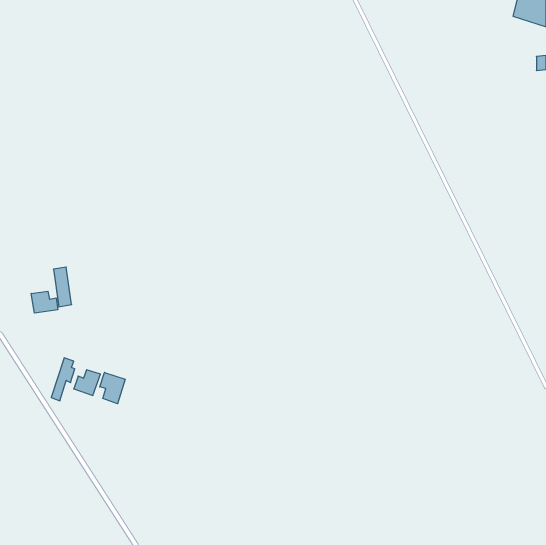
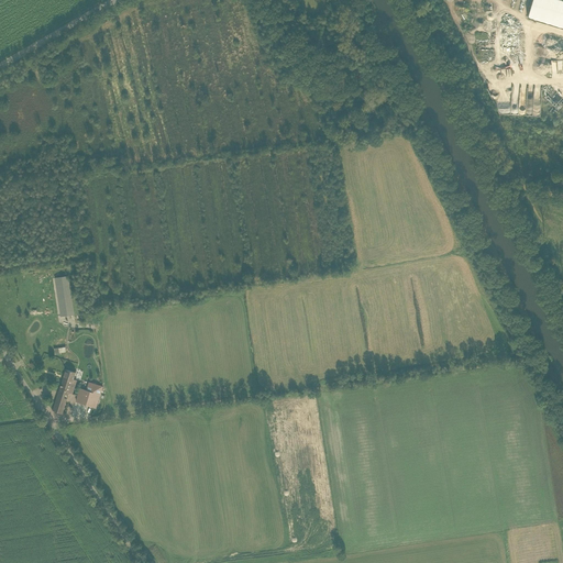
building: [31,291,58,313] -> none
building: [100,372,125,404] -> none

